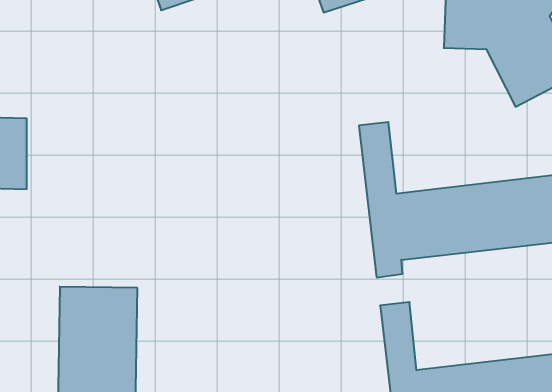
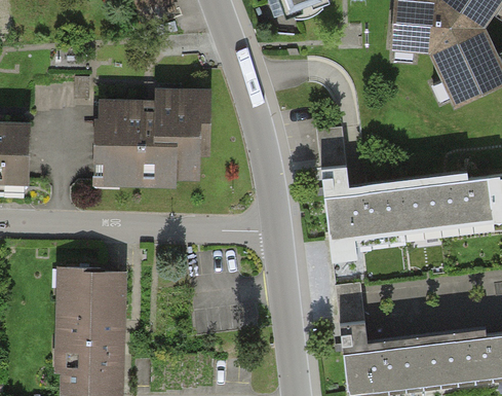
building: none -> [96,97,211,184]

